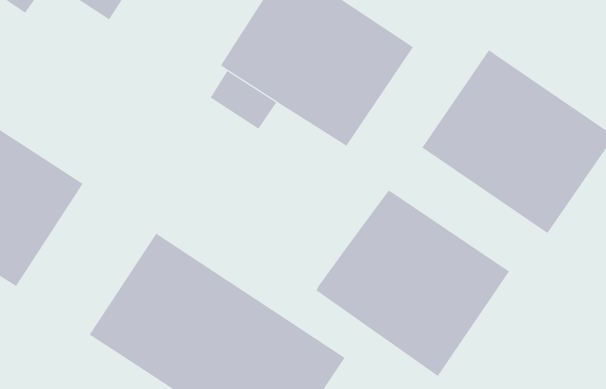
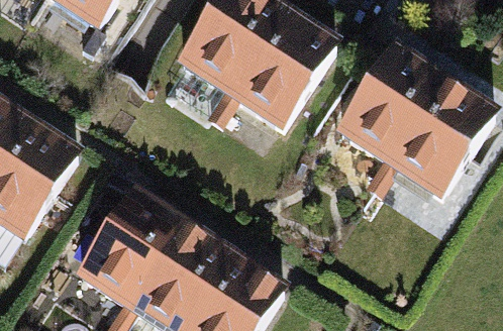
building: [316,189,510,377] -> none

